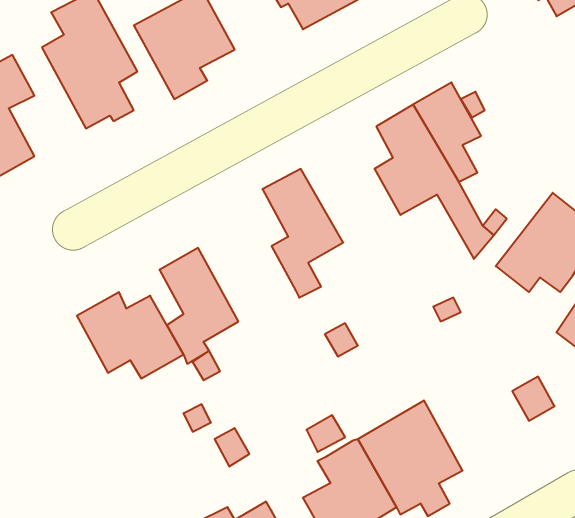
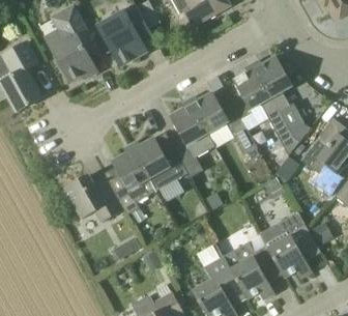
building: none -> [192,91,258,155]
building: none -> [134,132,189,190]
building: none -> [260,210,321,278]

